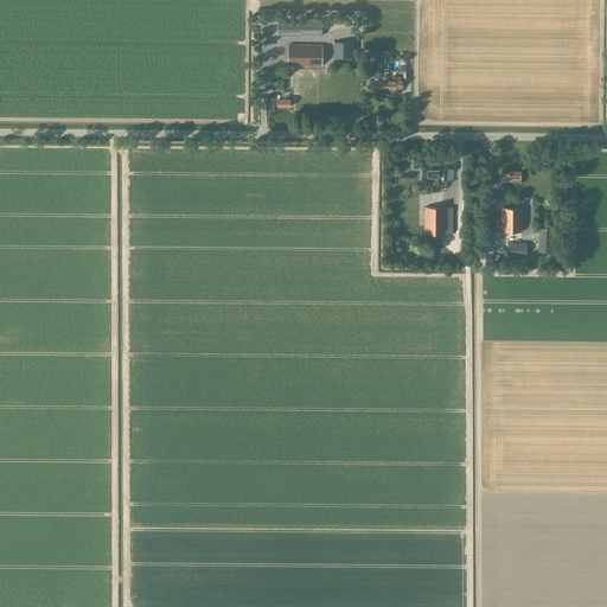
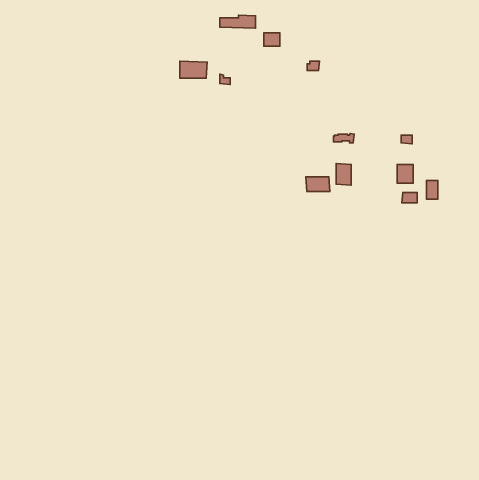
building: [289,44,324,65] -> [180,61,207,78]
building: none -> [306,177,330,192]

